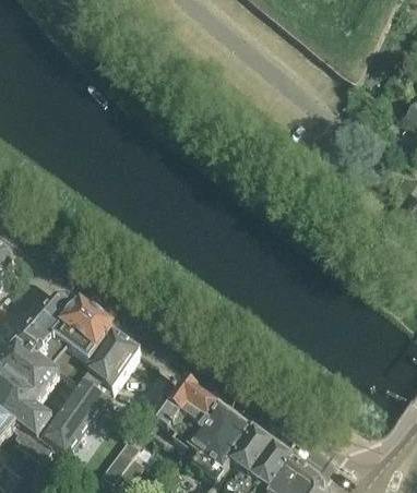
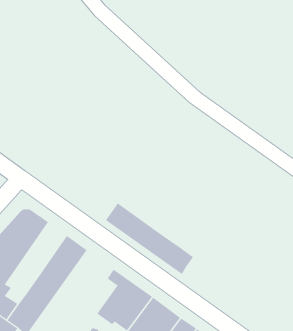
building: none -> [105,202,194,275]
building: [55,309,114,378] -> none

